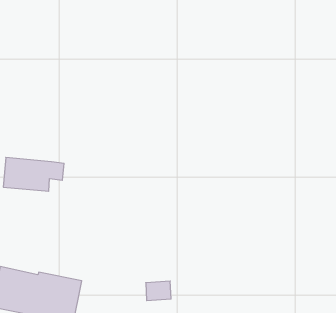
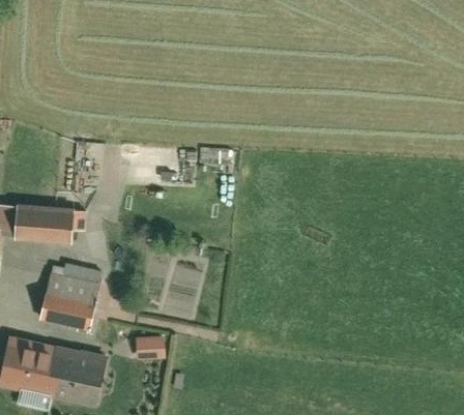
building: none -> [38,273,98,334]
building: [146,281,171,301] -> [136,335,167,359]

